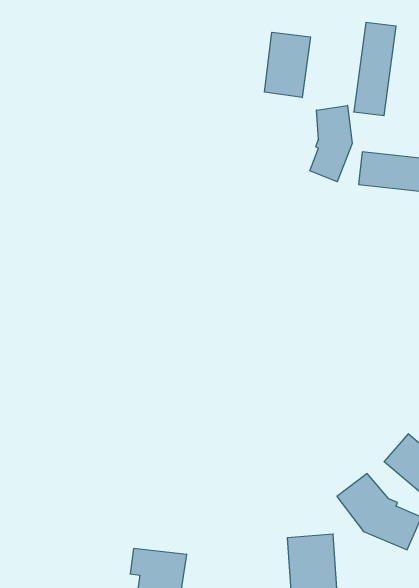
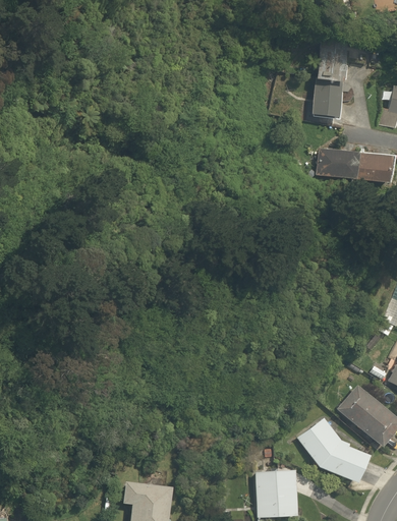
building: [265,32,310,98] -> none
building: [310,105,352,182] -> none

